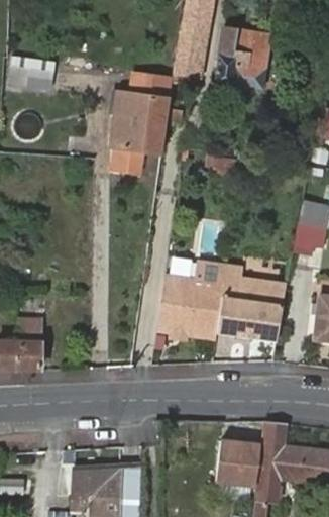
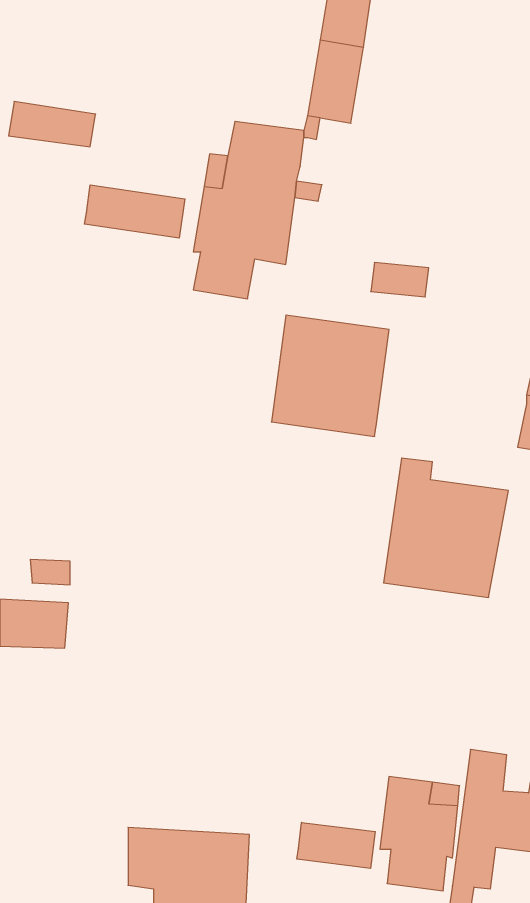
building: [215,29,270,87] -> none
building: none -> [84,185,185,238]
building: [158,270,224,337] -> [271,315,389,436]
building: none -> [297,822,375,868]

